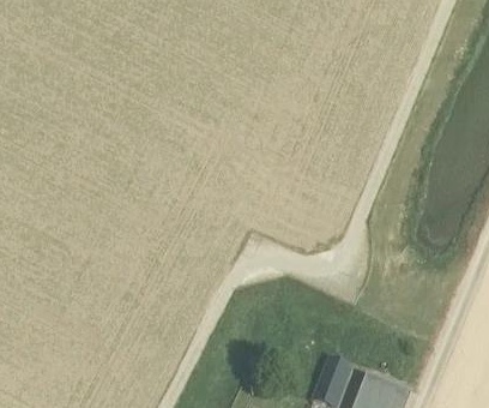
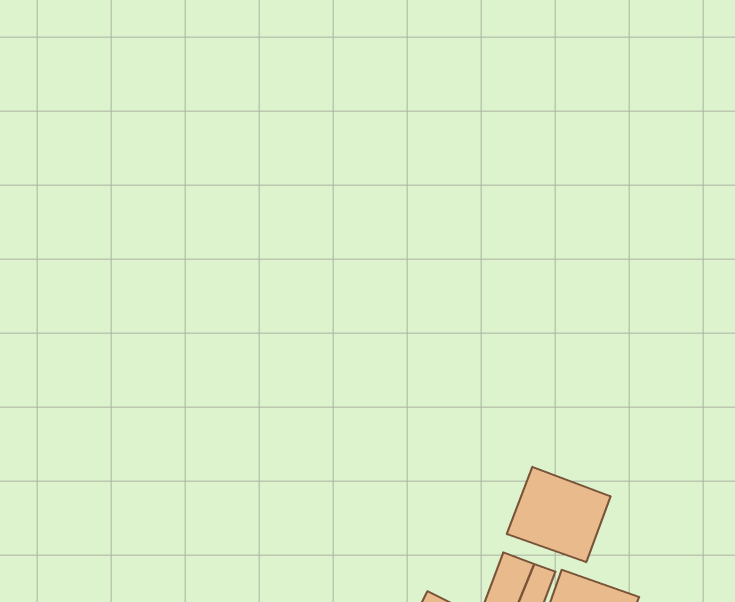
building: none -> [507,467,610,562]

